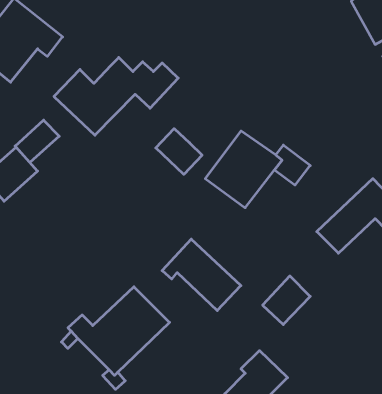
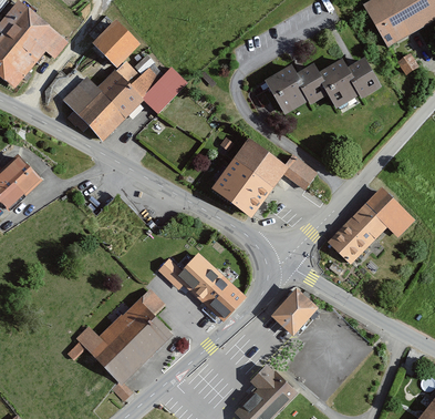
building: none -> [92,21,141,70]
building: none -> [257,59,373,116]
building: [15,120,59,162] -> none
building: [156,129,202,174] -> none

